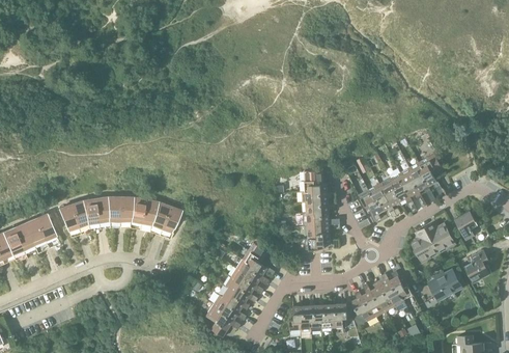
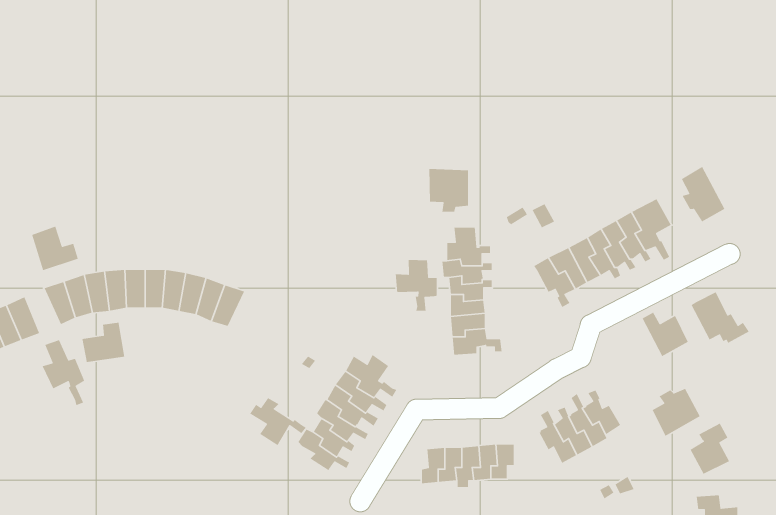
building: none -> [681,166,726,223]
building: none -> [429,168,469,213]
building: none -> [31,226,79,271]
building: none -> [395,259,437,311]
building: [412,227,436,260] -> none
building: none -> [81,322,125,363]
building: none -> [42,339,85,406]
building: [464,250,489,282] -> [690,422,730,475]
building: [350,292,375,326] -> none
building: [205,306,241,336] -> [249,397,307,446]

